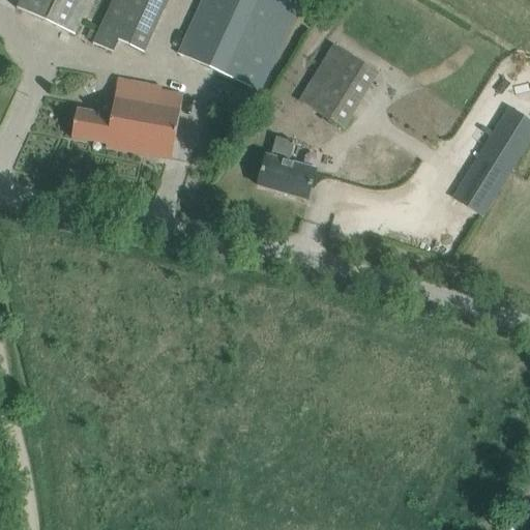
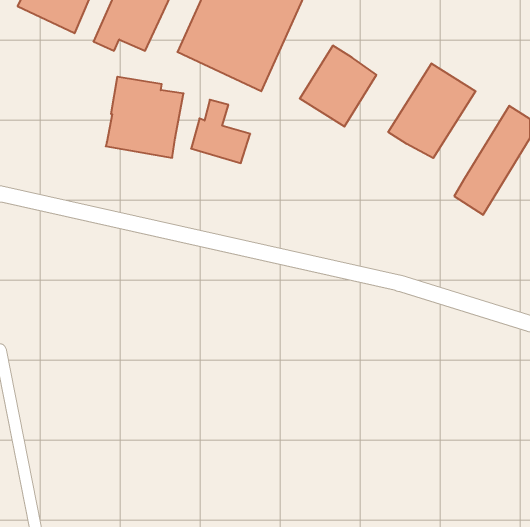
building: none -> [388,63,476,158]
building: [71,108,112,142] -> none
building: [258,135,317,198] -> [191,100,250,163]

